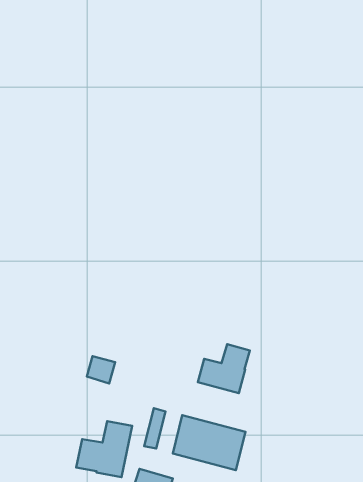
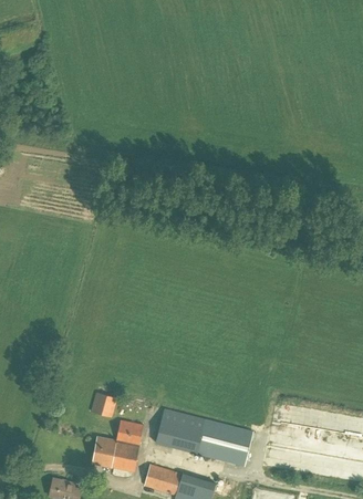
building: [198,344,250,393] -> none
building: [87,356,115,384] -> [91,393,117,418]

